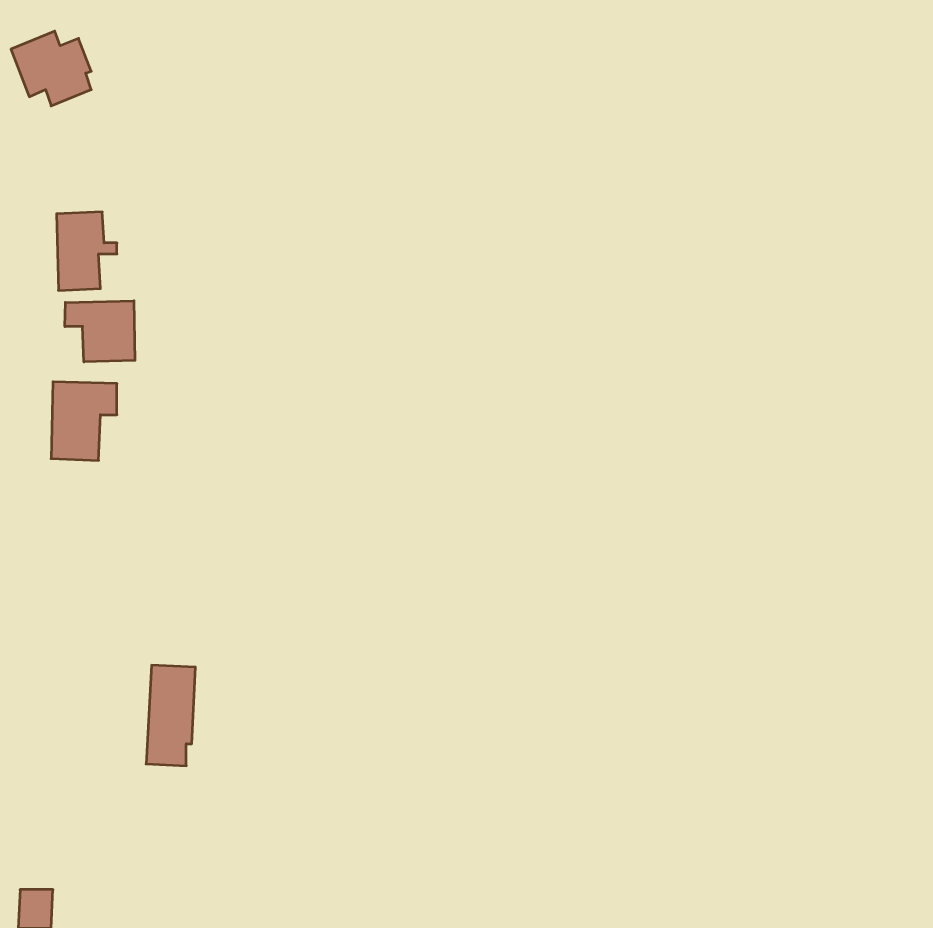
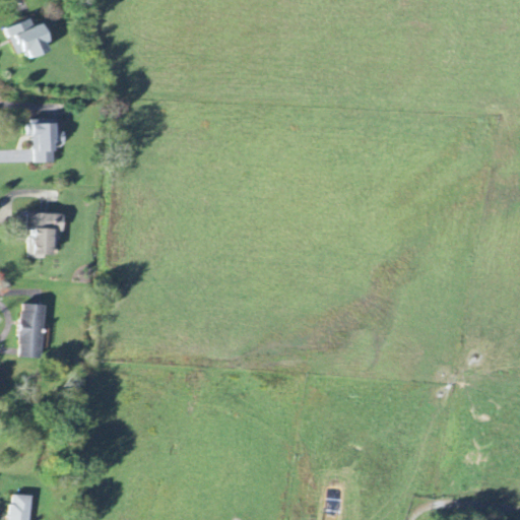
building: [65,301,135,362] -> none
building: [146,665,195,766] -> [19,303,47,359]

